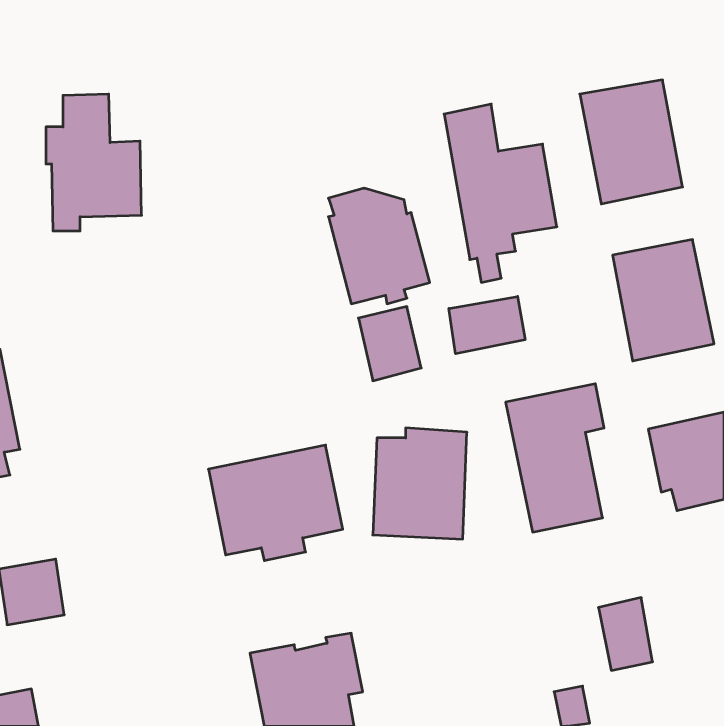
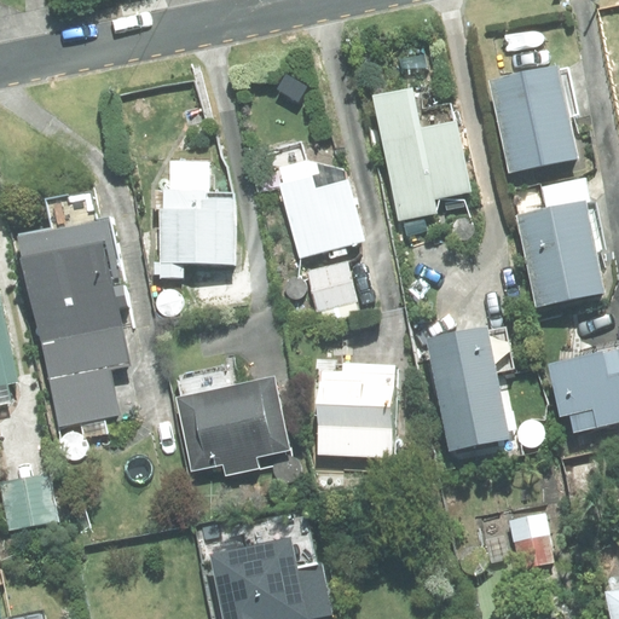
building: [46,94,142,231] -> [154,161,235,277]
building: none -> [19,219,129,438]
building: [449,296,525,354] -> none

